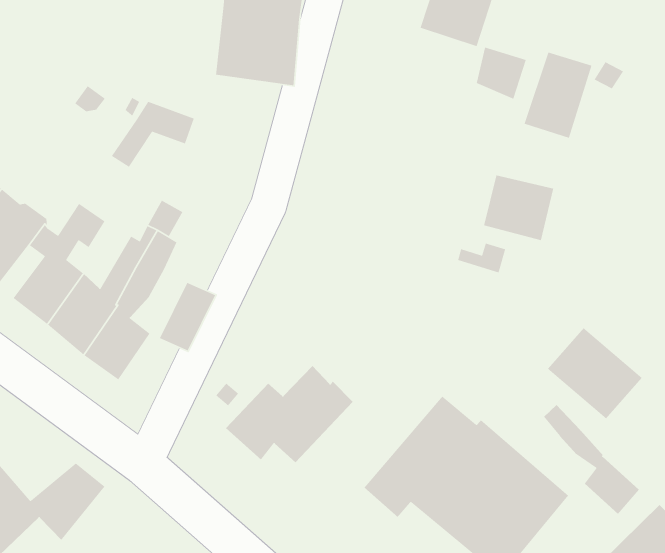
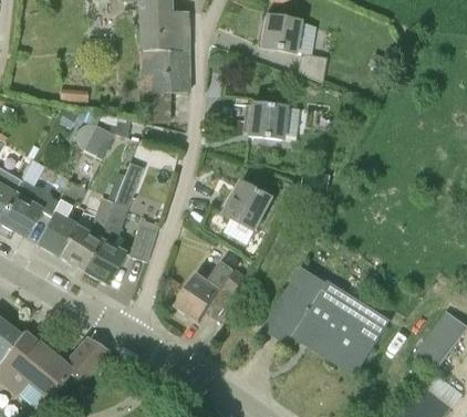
building: [523,51,593,139] -> none
building: [483,174,554,241] -> [247,103,287,139]
building: none -> [225,180,274,230]
building: [547,327,643,420] -> none
building: [543,404,640,515] -> none

